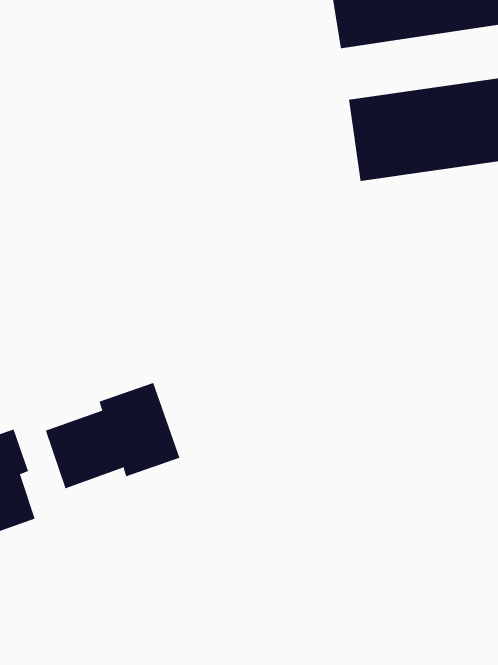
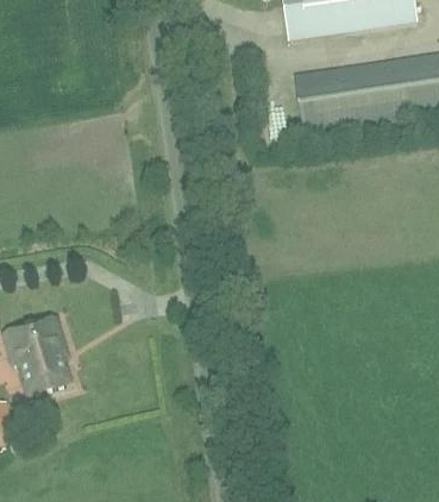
building: [45,382,180,489] -> none

